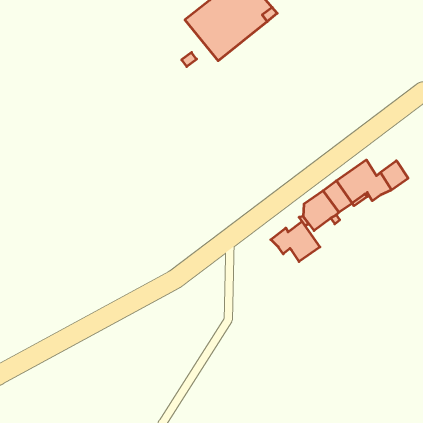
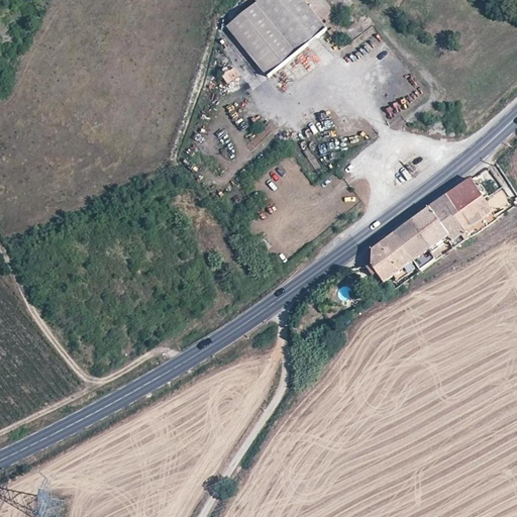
building: none -> [444,177,481,213]
building: [271,221,320,262] -> none

